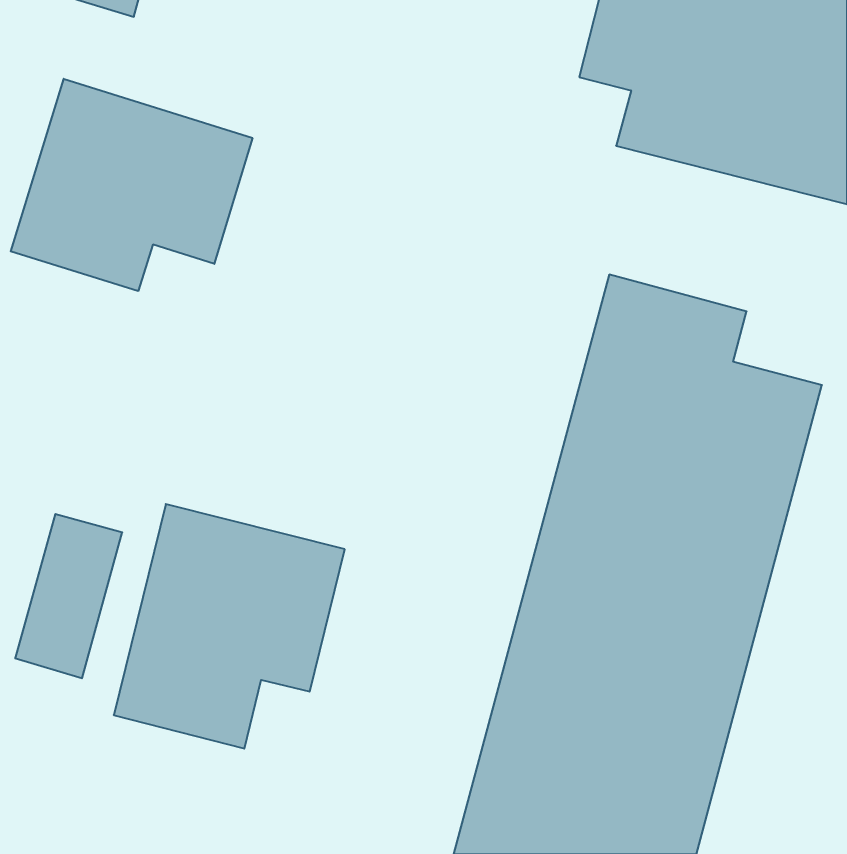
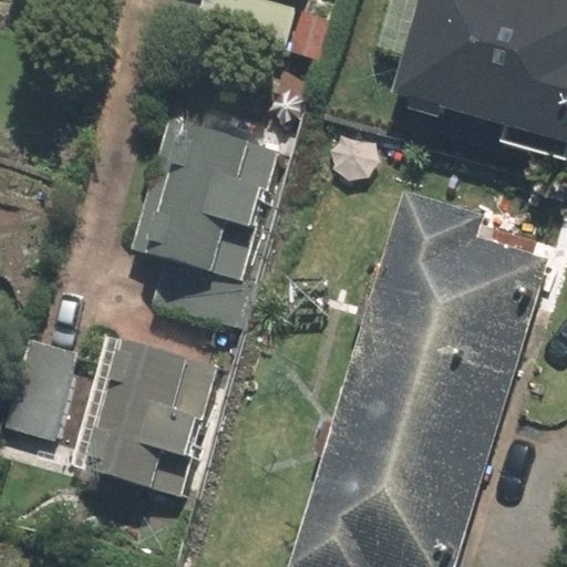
building: [11,79,252,291] -> none
building: none -> [133,115,296,288]

